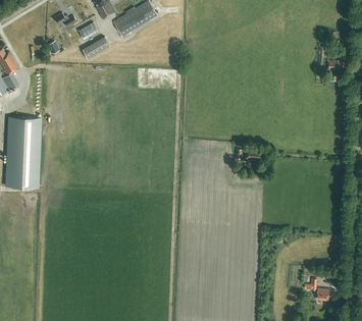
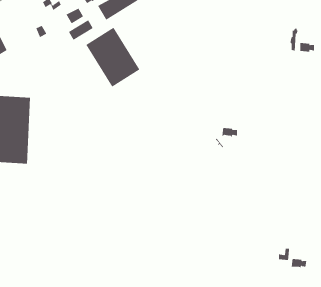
building: none -> [86,27,140,88]

